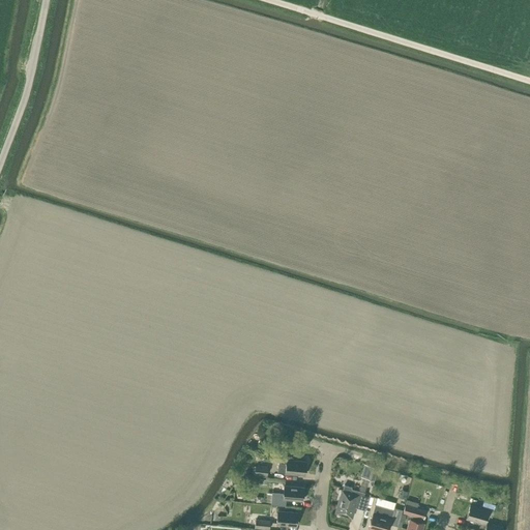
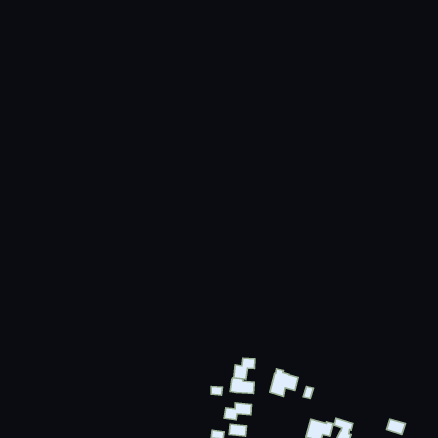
building: none -> [234,358,255,379]
building: [336,485,371,519] -> [270,369,298,396]

